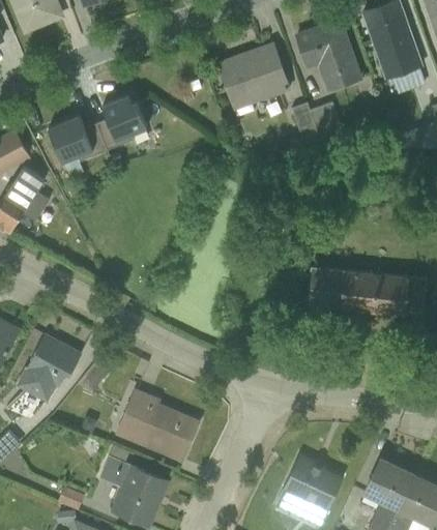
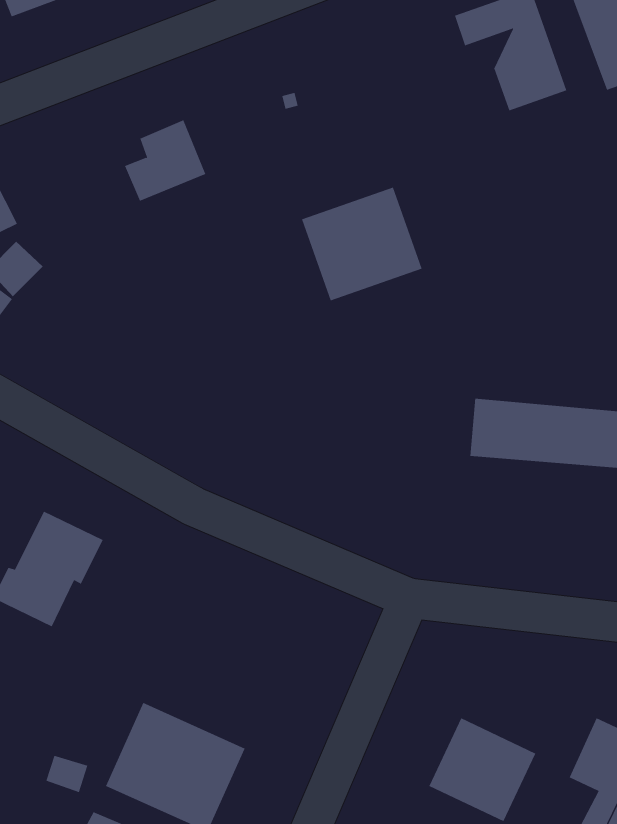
building: [215,45,289,114] -> [301,187,423,301]
building: [291,102,339,139] -> none
building: [49,117,104,163] -> none
building: [120,391,198,457] -> none

